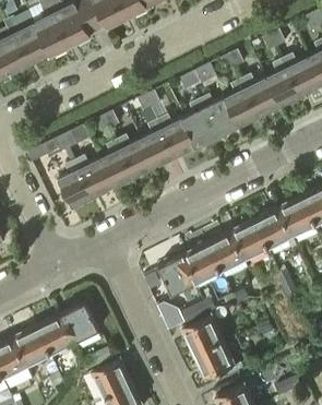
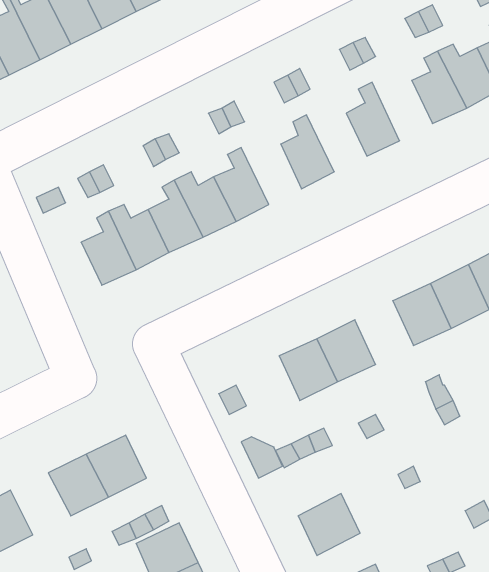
building: [241,75,279,117] -> none
building: [200,96,238,136] -> none
building: [158,117,196,157] -> none
building: [230,218,267,259] -> none
building: [157,253,195,294] -> none
building: [182,317,222,355] -> none
building: [12,327,50,367] -> none

